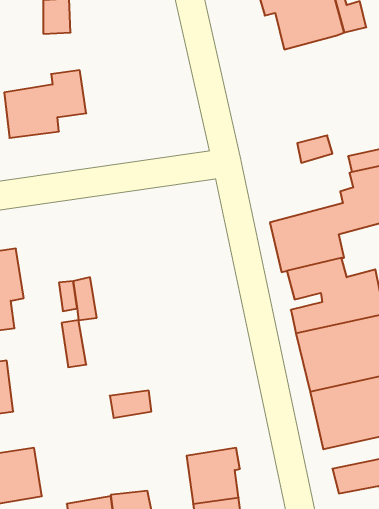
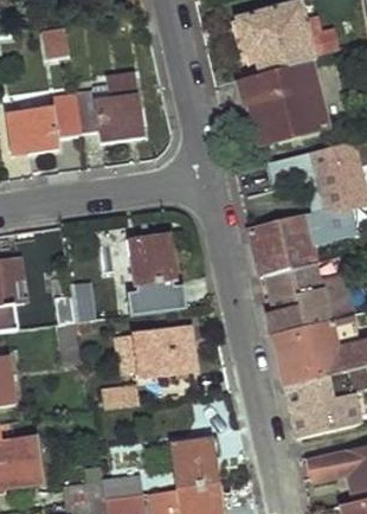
building: none -> [239,60,326,141]
building: none -> [76,72,143,142]
building: none -> [115,232,193,298]
building: none -> [133,323,198,374]

